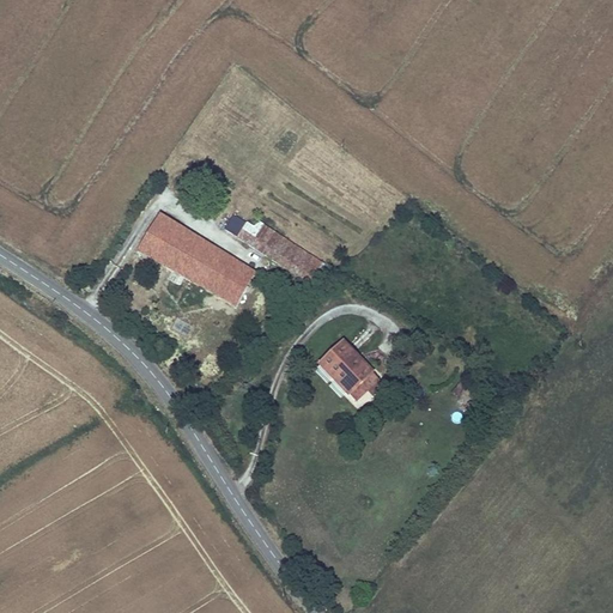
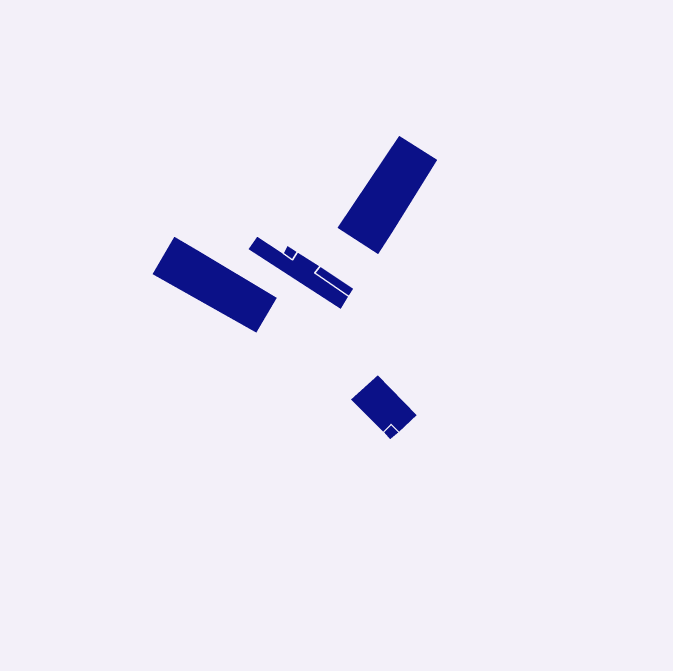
building: none -> [336,135,438,255]

